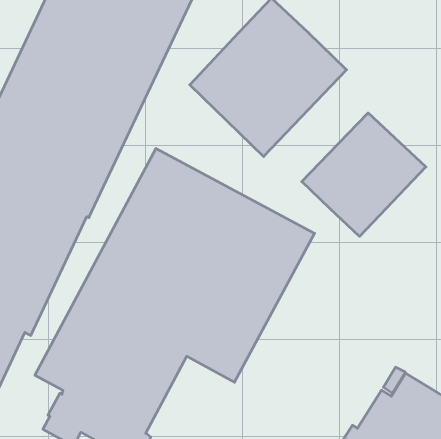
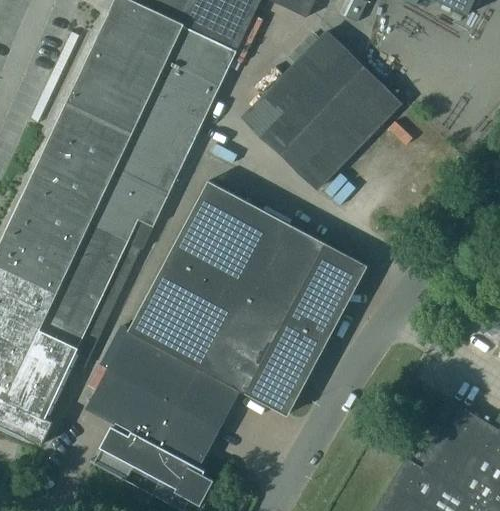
building: [302,113,426,236] -> none

